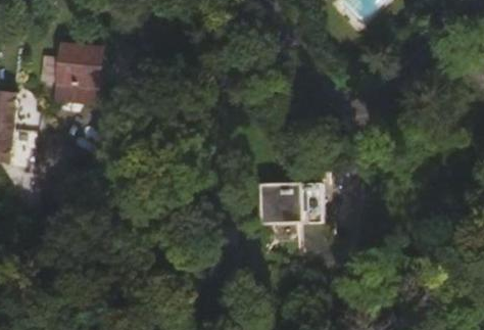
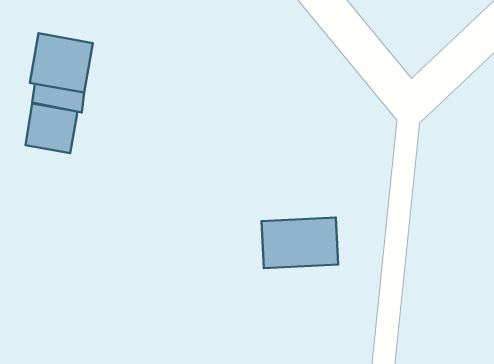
building: none -> [25,104,77,153]

